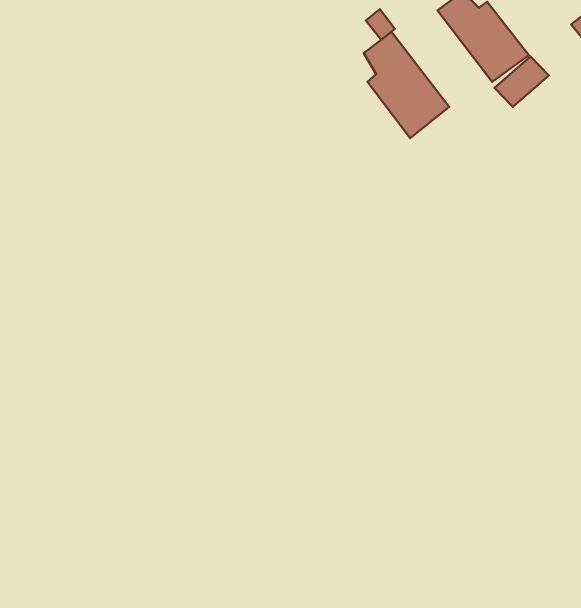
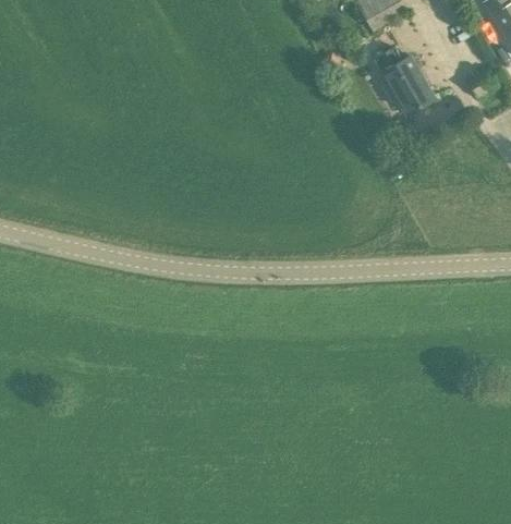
building: [364,32,449,138] -> none

